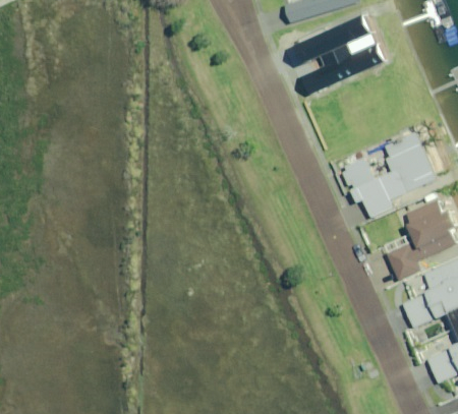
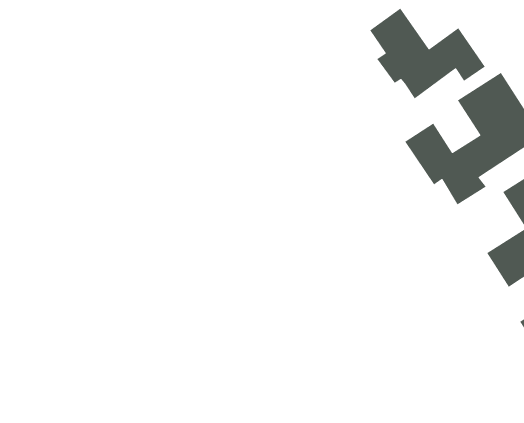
building: none -> [369,8,486,100]

